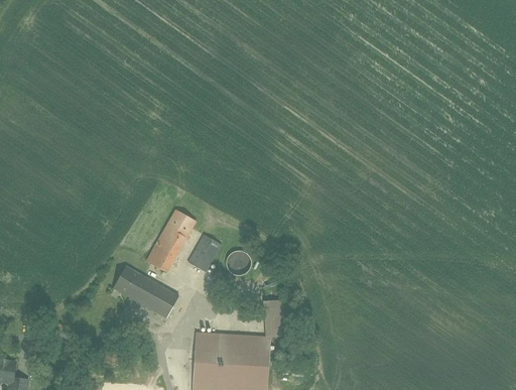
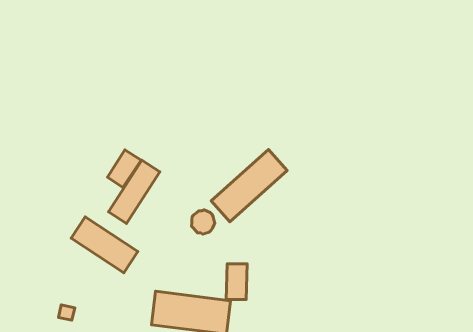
building: none -> [211,150,287,222]
building: [189,236,221,272] -> [108,150,141,188]

